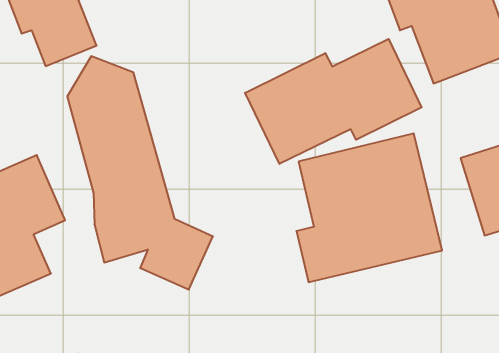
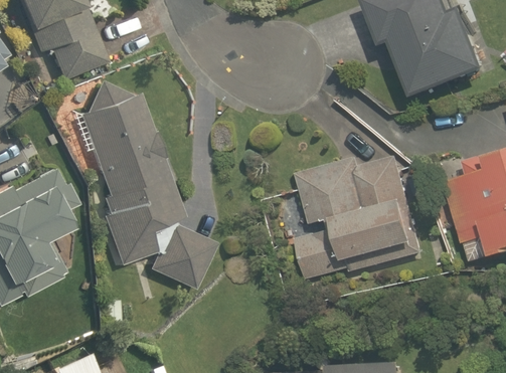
building: [245,39,422,164] -> none

